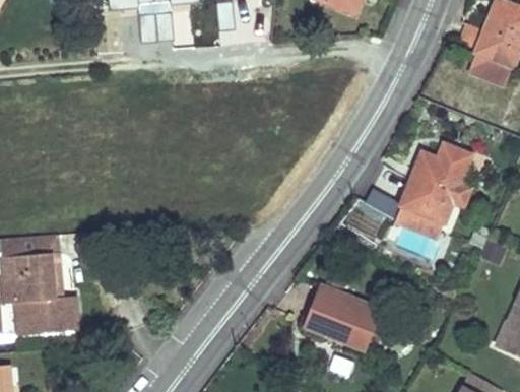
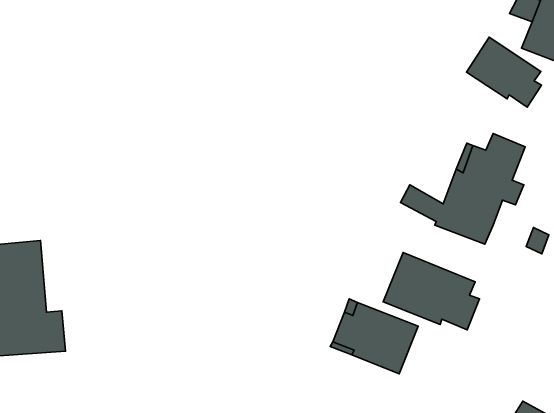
building: none -> [466,37,541,107]
building: none -> [383,252,480,330]

